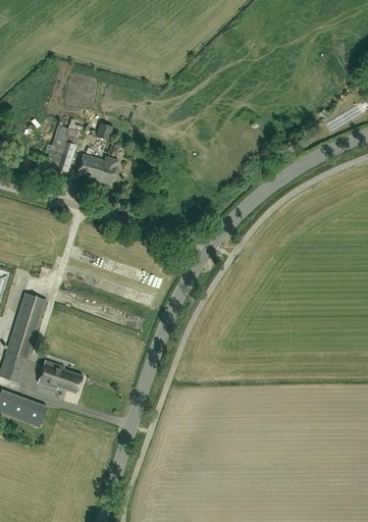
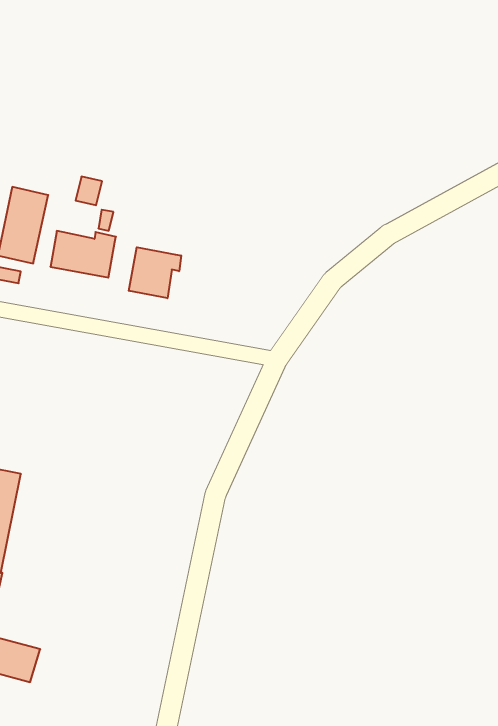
building: none -> [129,247,181,298]
building: [37,360,83,393] -> none

